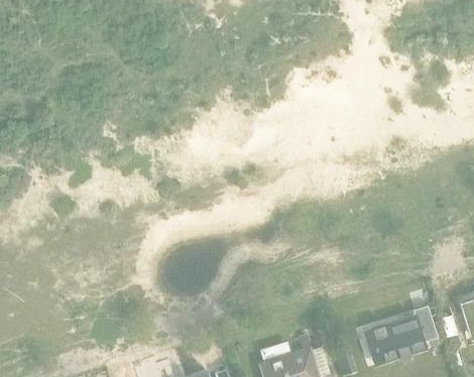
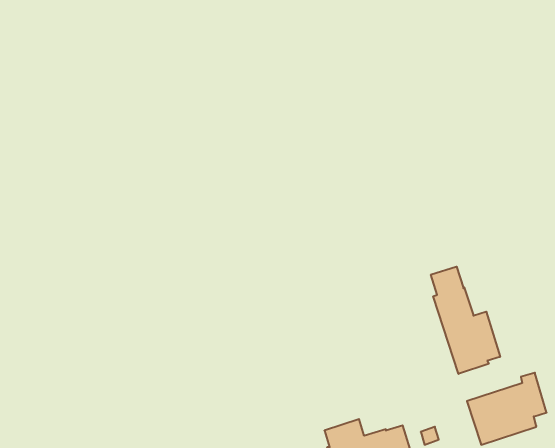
building: none -> [431,267,500,374]

